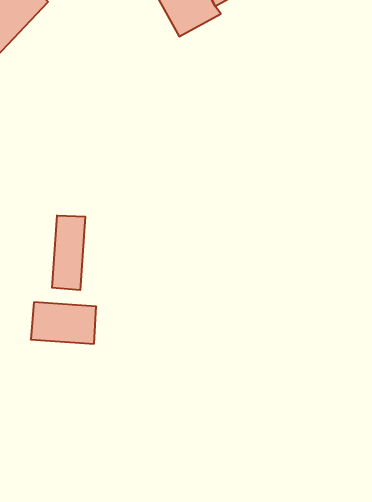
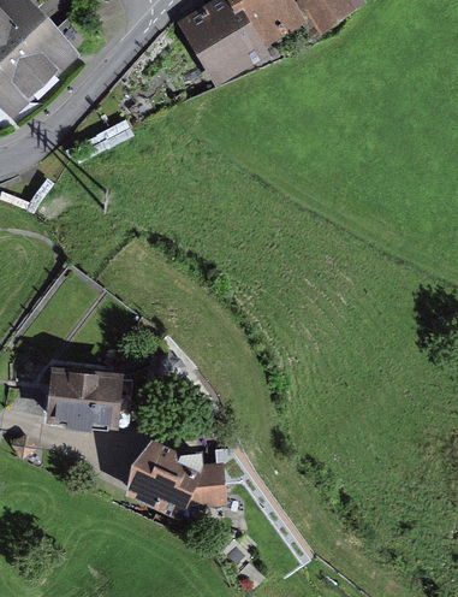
building: [52,215,85,290] -> none
building: none -> [132,441,213,513]

